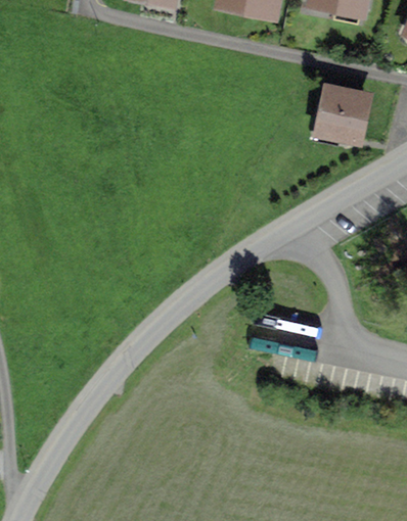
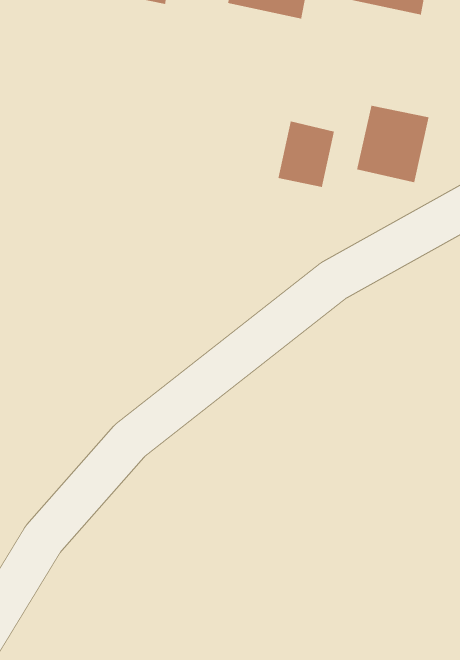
building: none -> [277,121,335,188]

